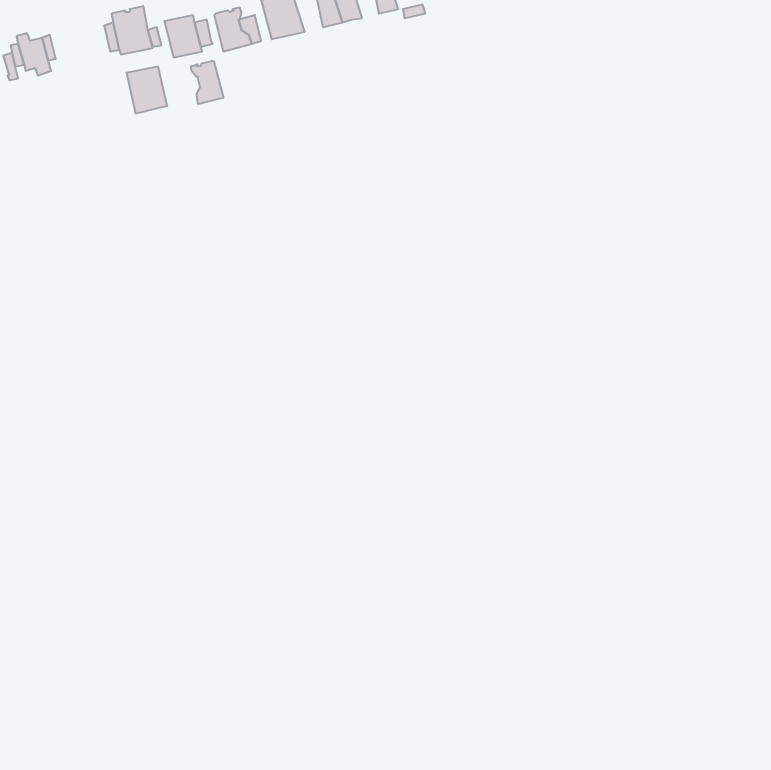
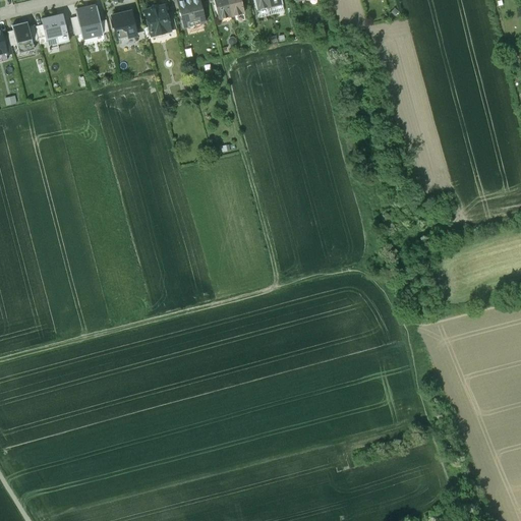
building: [191,61,223,104] -> none
building: [126,67,167,113] -> [42,13,69,45]

